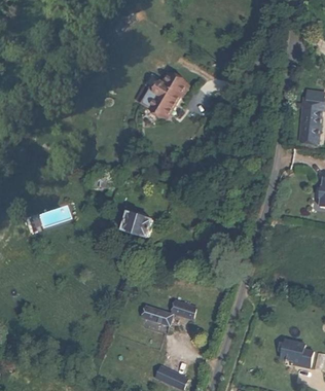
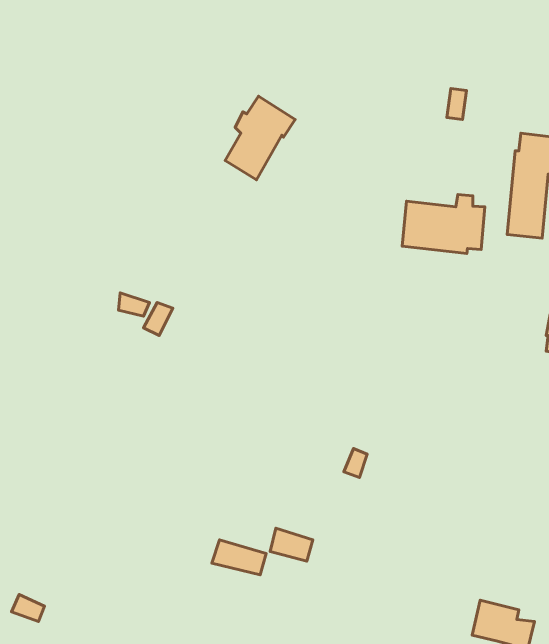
building: none -> [402,194,485,253]
building: [120,211,151,237] -> none

